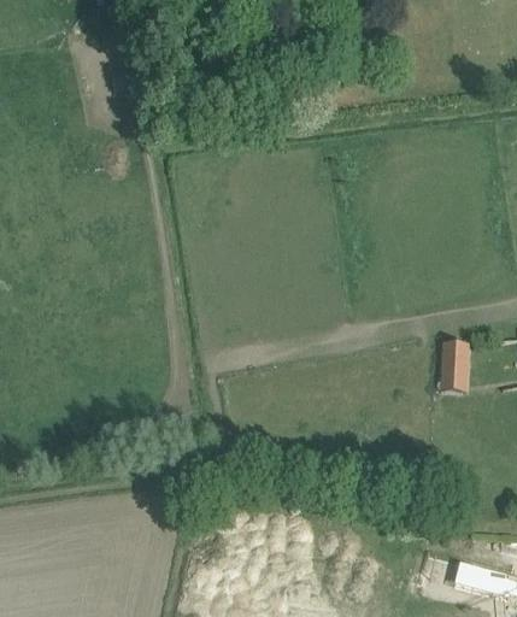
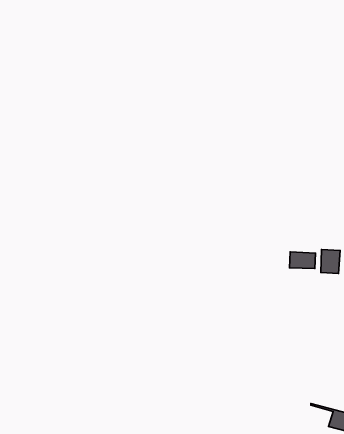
building: none -> [289,252,316,269]

